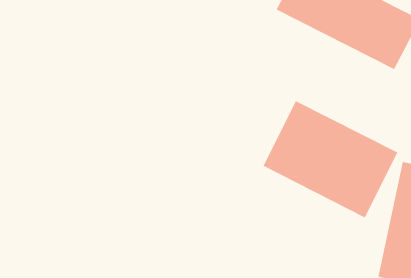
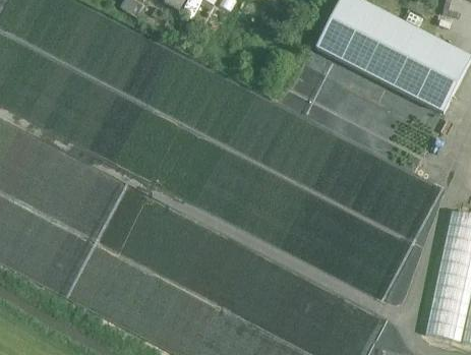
building: [263,100,398,218] -> none

